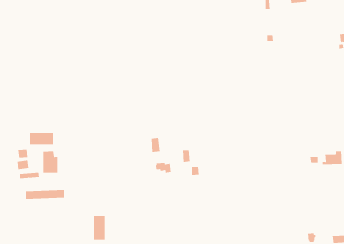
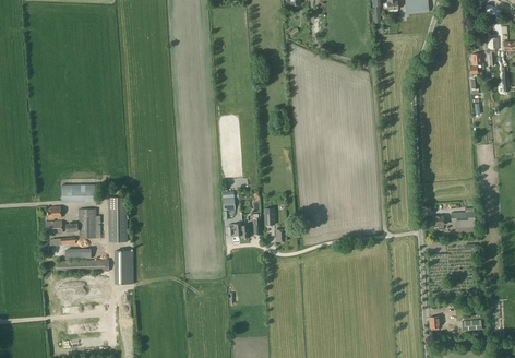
building: none -> [109,196,128,240]
building: [93,215,105,240] -> [117,249,133,282]

